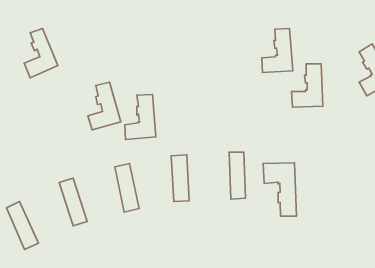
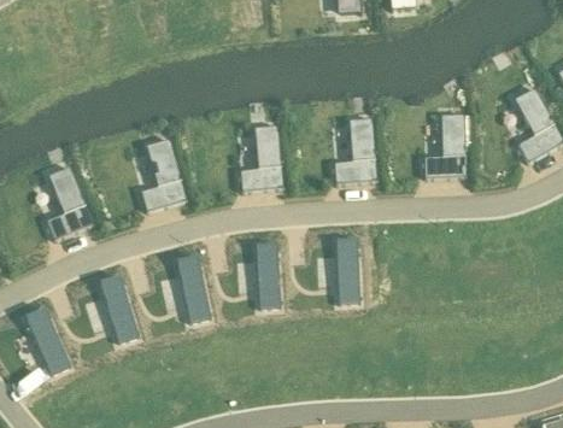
building: [24,28,58,78] -> [45,170,92,239]
building: [262,28,293,73] -> [333,119,376,181]
building: [125,94,156,139] -> [239,127,282,189]
building: [263,163,296,216] -> none

